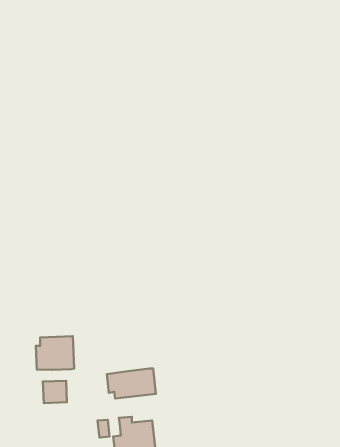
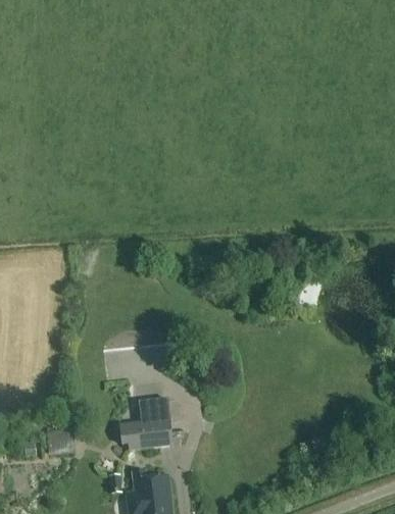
building: [36,336,74,370] -> none
building: none -> [137,397,165,420]

